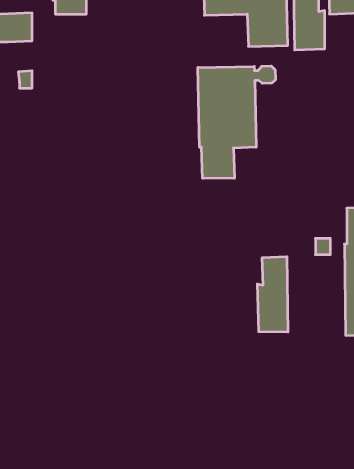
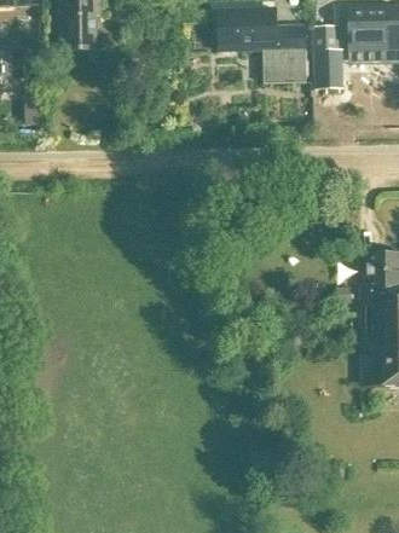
building: [198,66,275,178] -> none
building: [257,257,288,332] -> none

